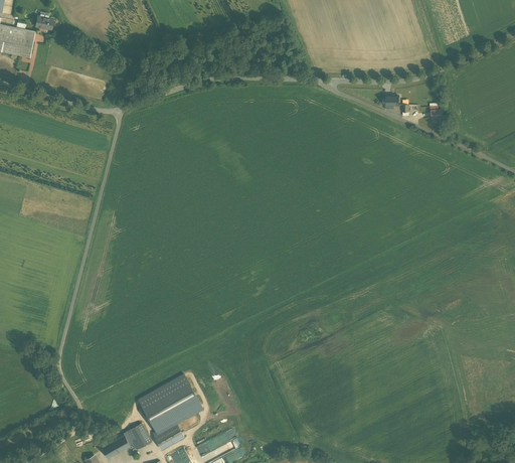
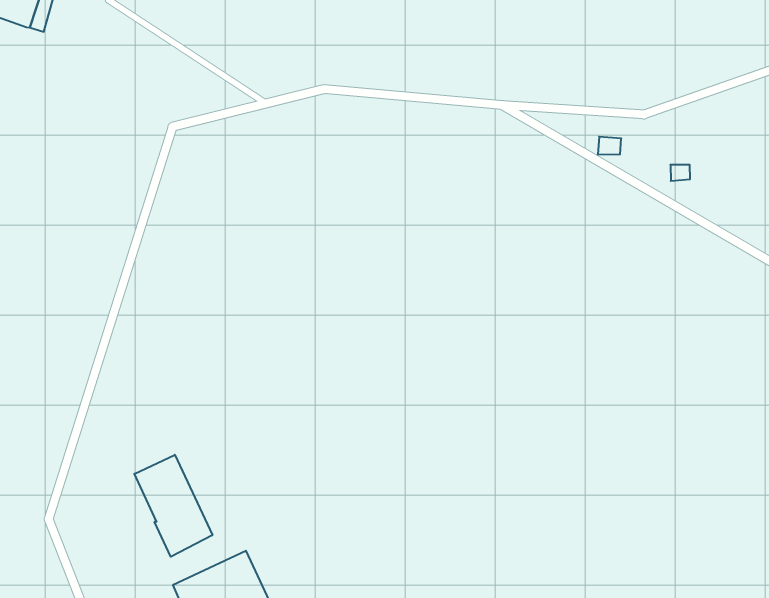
building: none -> [134,455,212,557]

